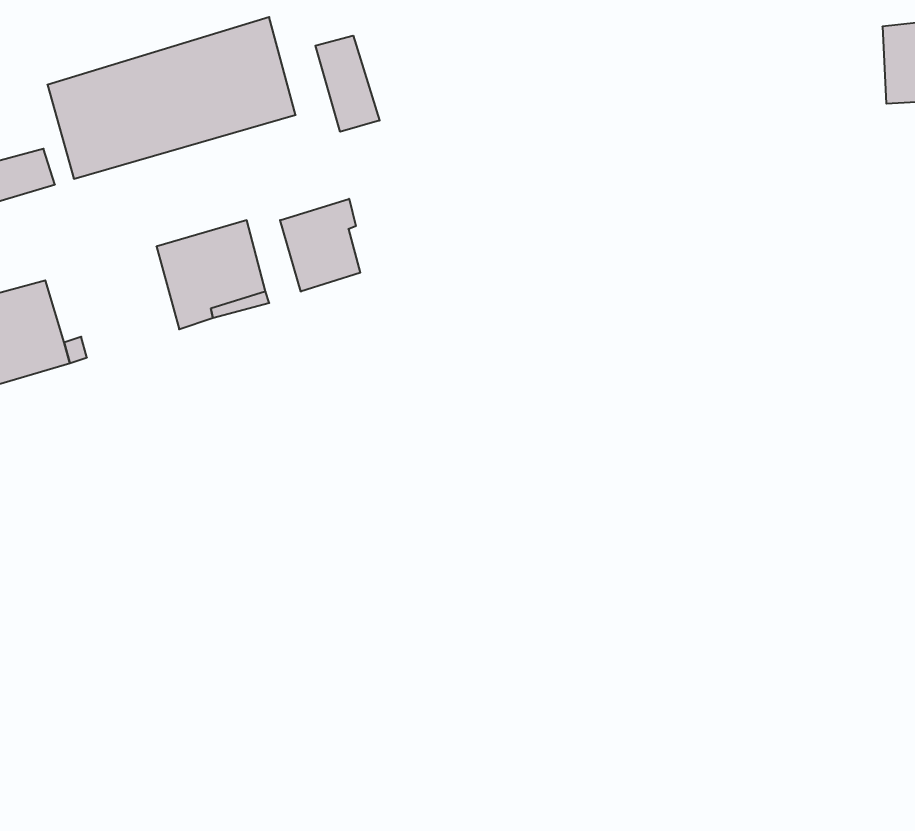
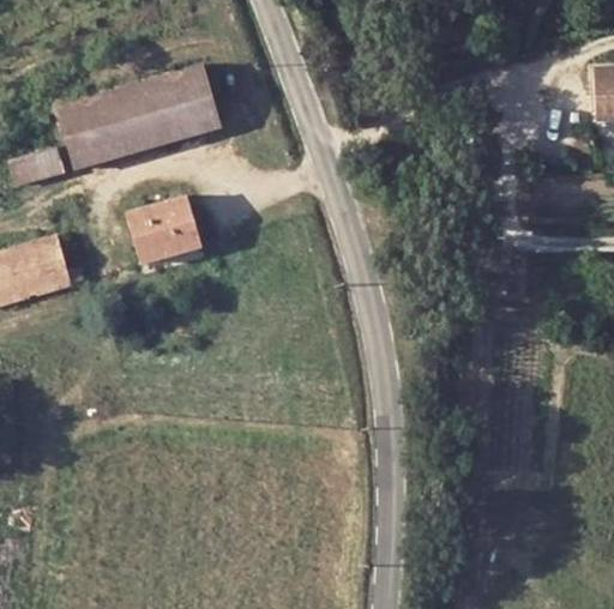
building: [315,36,380,132] -> none
building: [280,199,360,292] -> none

